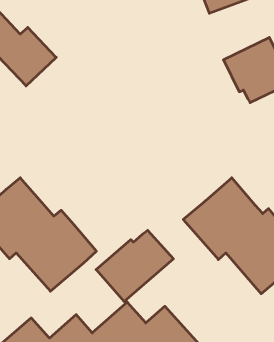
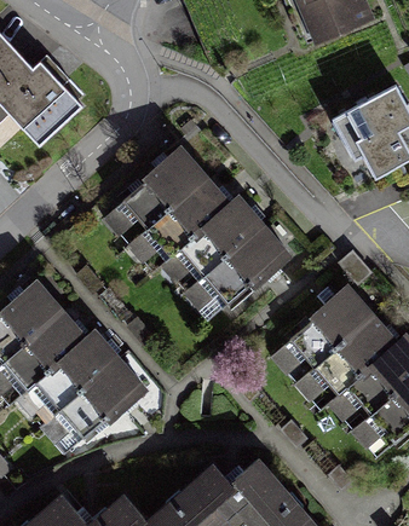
building: none -> [113,152,287,311]
building: [96,230,173,302] -> none

